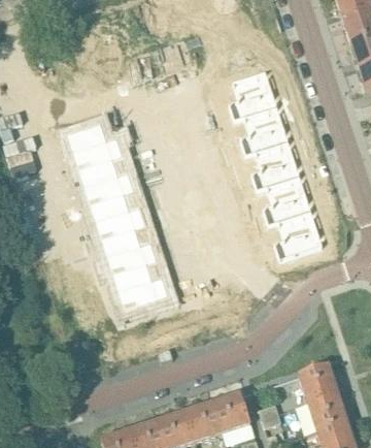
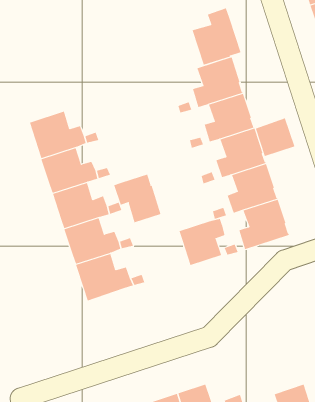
building: none -> [192,7,242,66]
building: none -> [255,117,295,157]
building: none -> [113,173,161,223]
building: none -> [179,218,225,266]
building: [271,363,337,403] -> none

